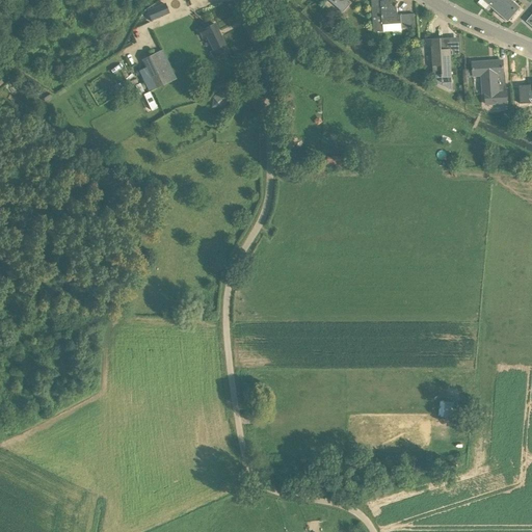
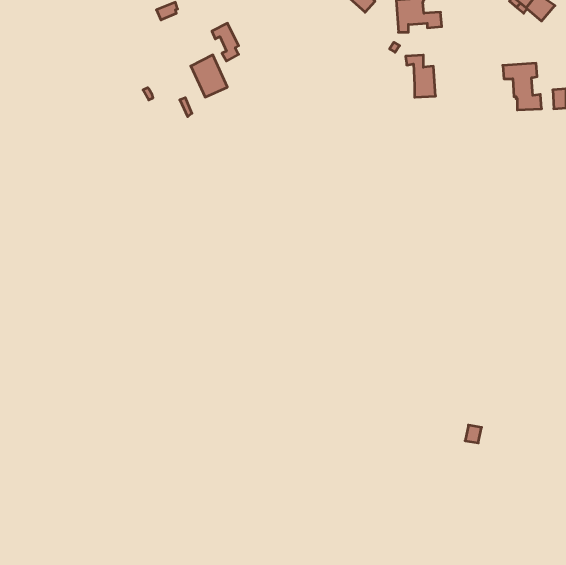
building: [424,36,452,76] -> [406,55,436,97]
building: [141,48,176,87] -> [191,55,227,97]

